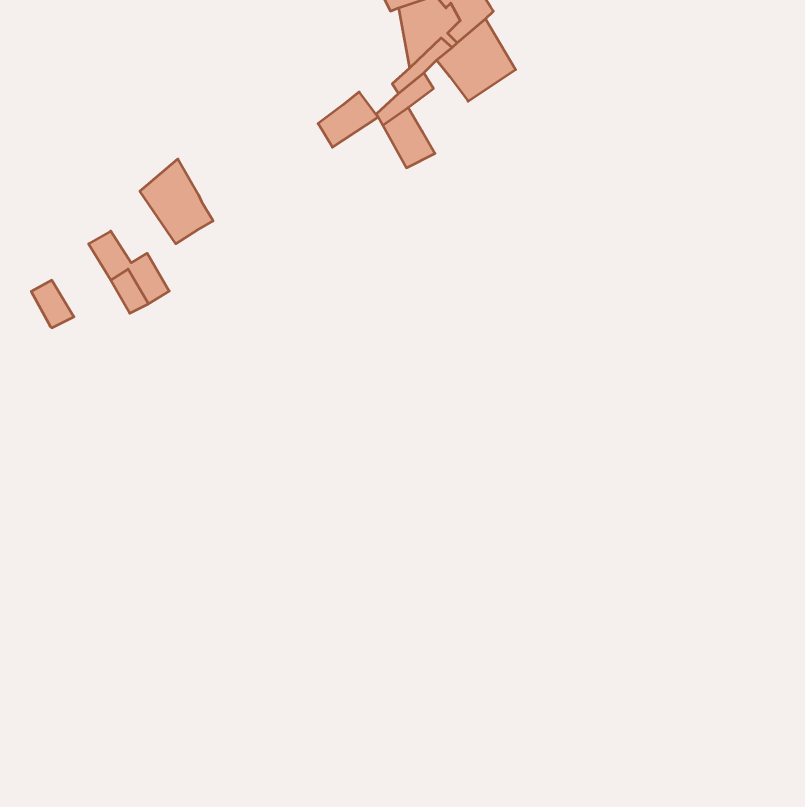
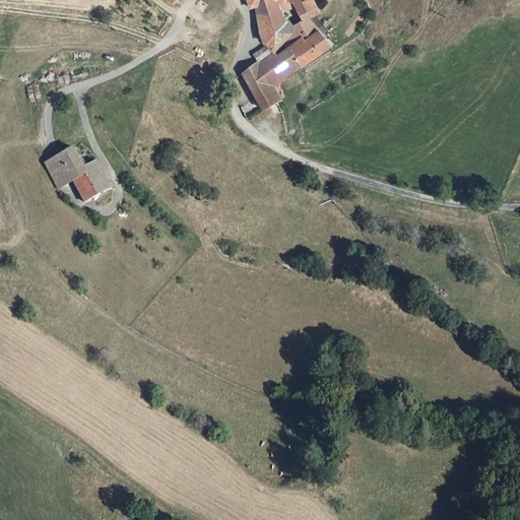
building: [318,92,378,147] -> [262,49,301,84]
building: [140,159,213,244] -> none
building: [31,280,74,328] -> [44,156,71,187]

